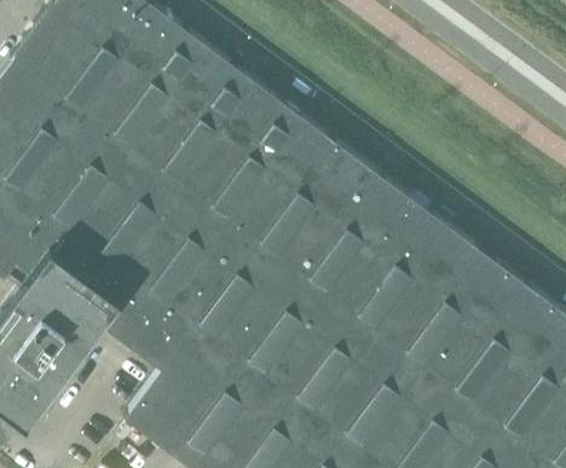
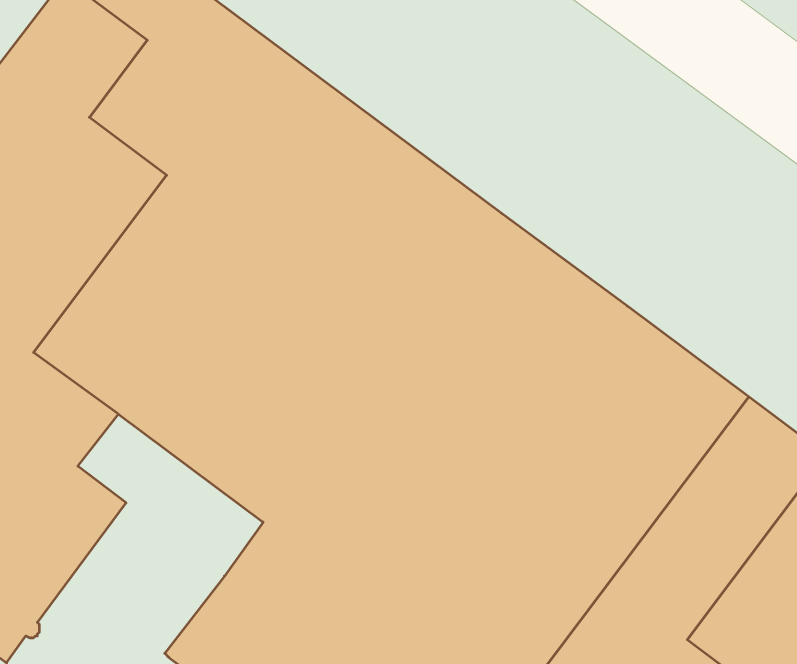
building: [69,268,185,370] -> none

